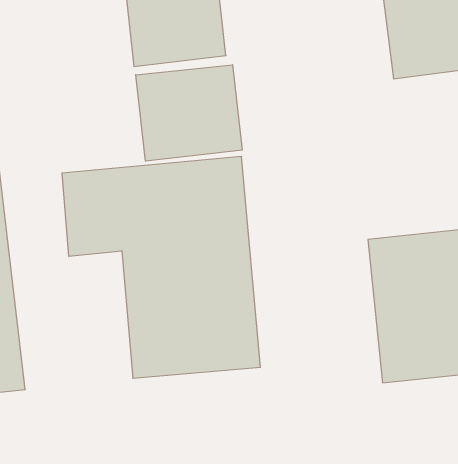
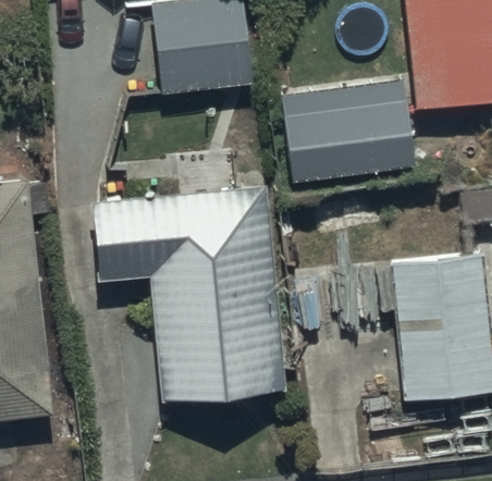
building: none -> [279,73,414,172]
building: [136,65,242,161] -> none

